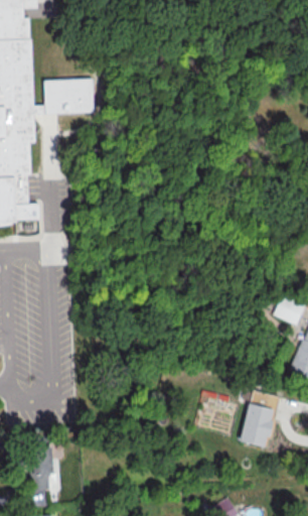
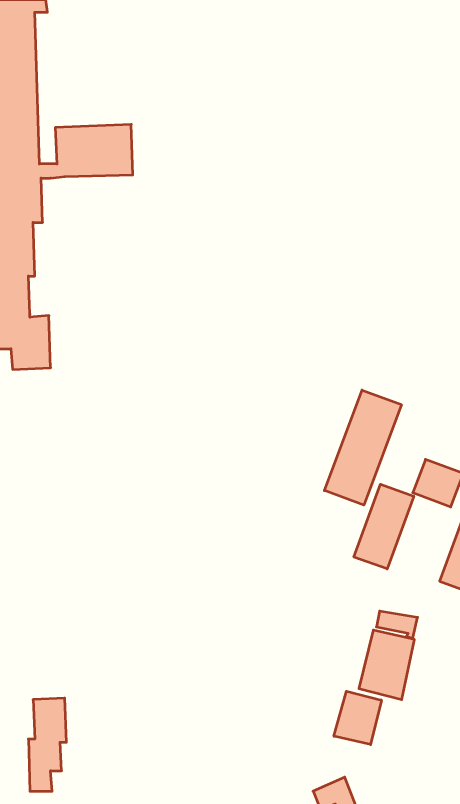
building: none -> [324,390,401,505]
building: none -> [354,484,414,569]
building: none -> [334,691,381,745]

